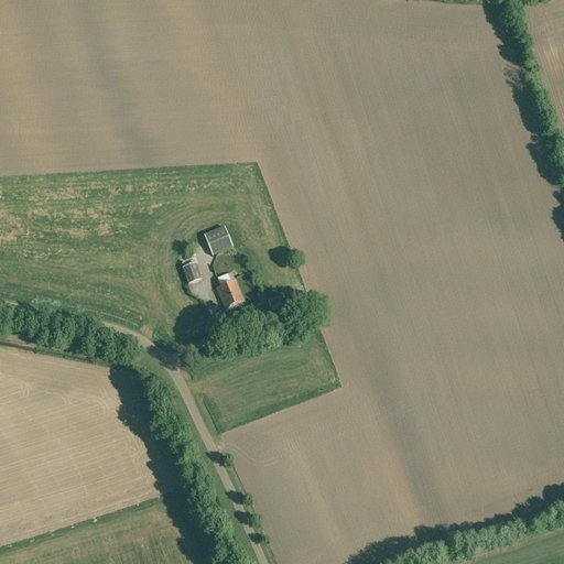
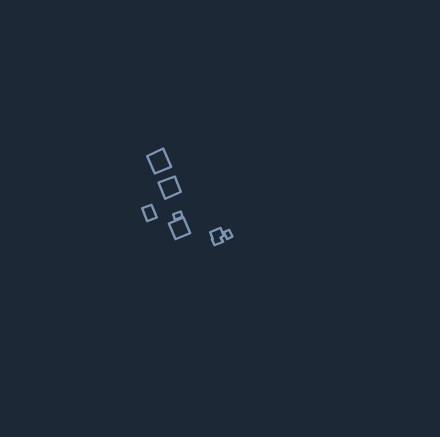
building: none -> [147,148,171,173]

